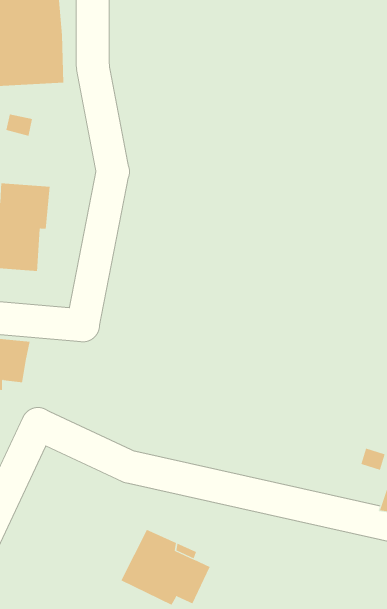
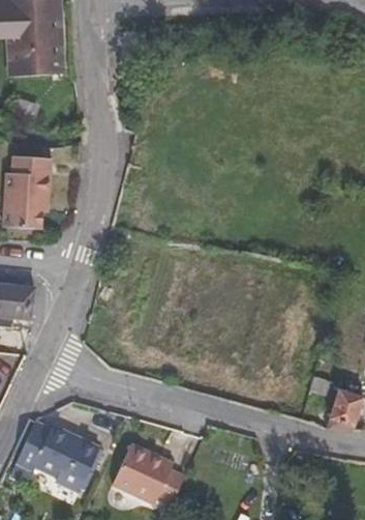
building: none -> [16,420,100,491]

